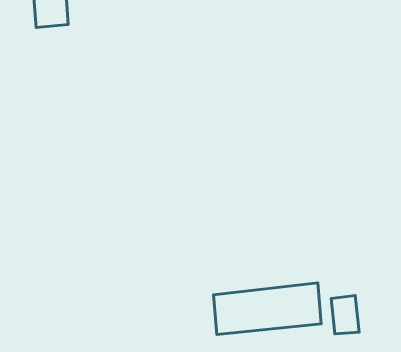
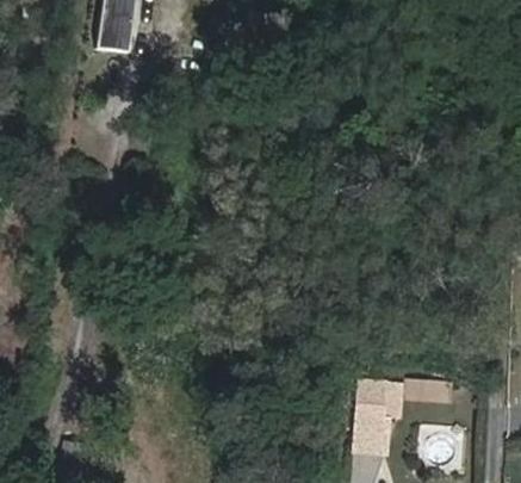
building: [213,283,321,334] -> none

